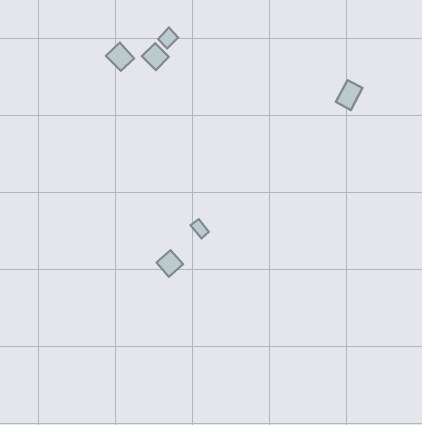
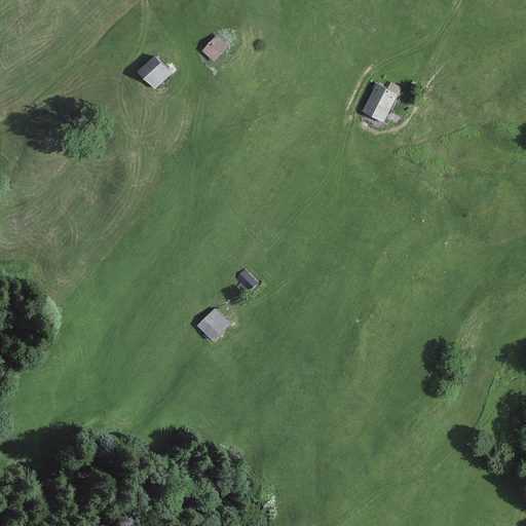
building: [142,43,169,70] -> none
building: [336,80,362,110] -> [364,85,397,122]

